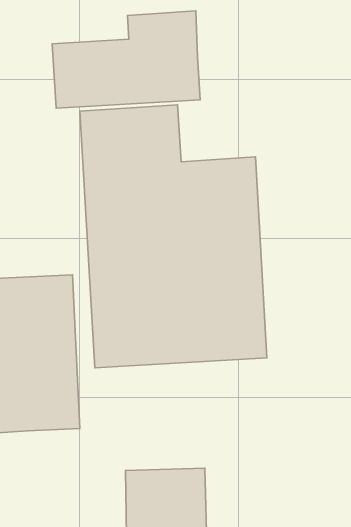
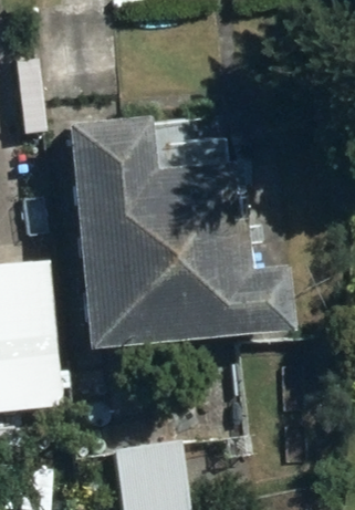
building: [52,11,200,108] -> none

